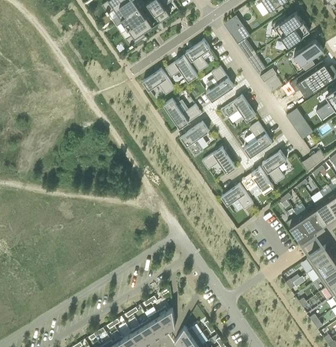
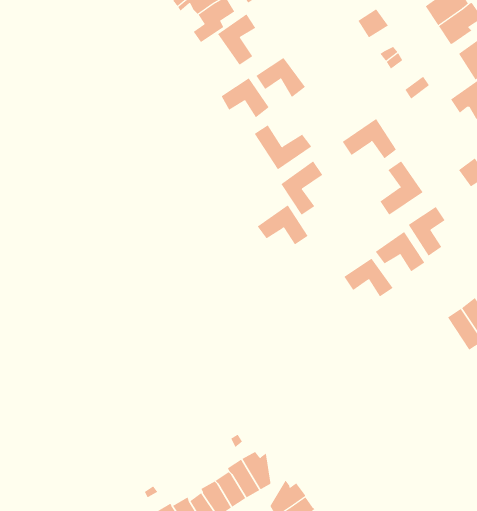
building: [185,39,210,72] -> [217,14,256,65]
building: [206,67,233,101] -> none
building: [202,147,235,173] -> [257,204,309,245]

